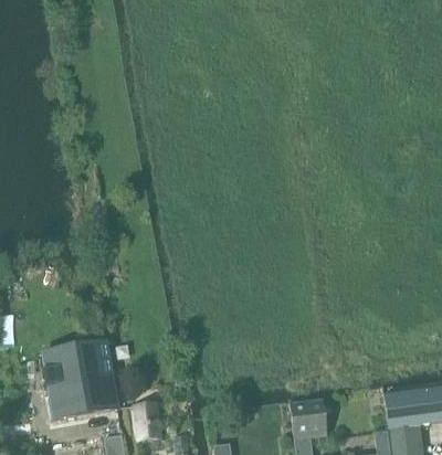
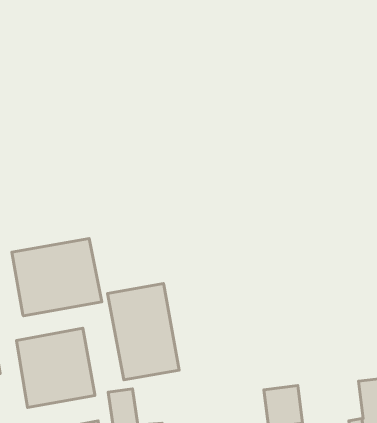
building: none -> [12,238,102,316]
building: none -> [107,283,179,380]

